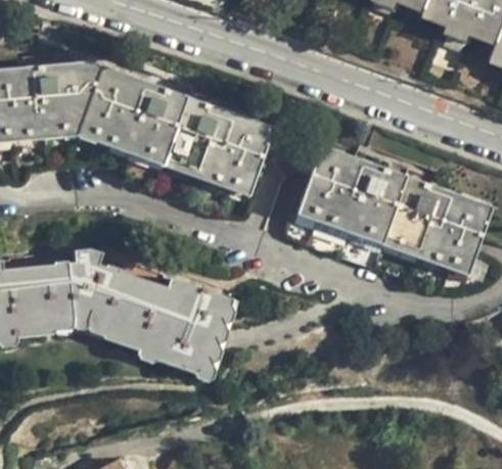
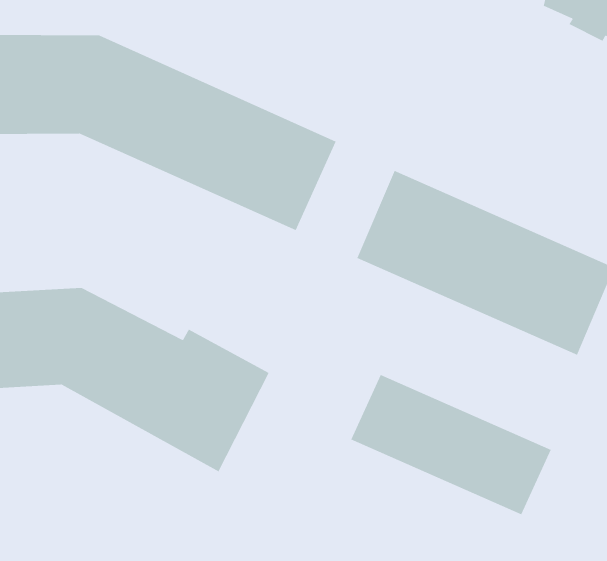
building: none -> [351,374,552,515]

